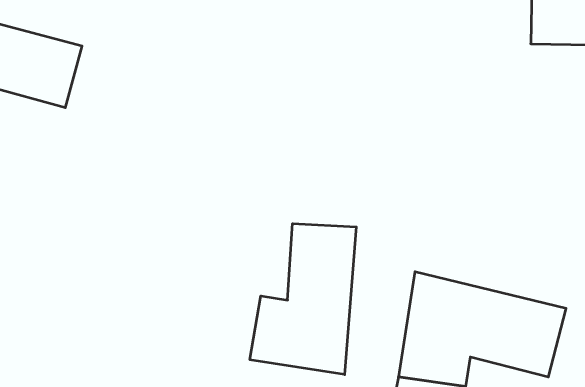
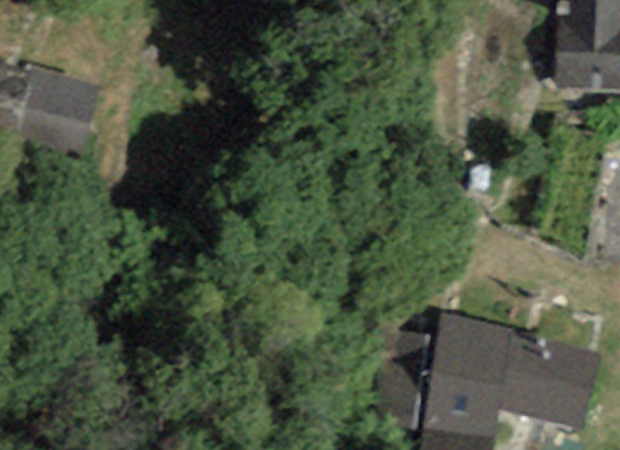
building: [250,224,356,375] -> none

